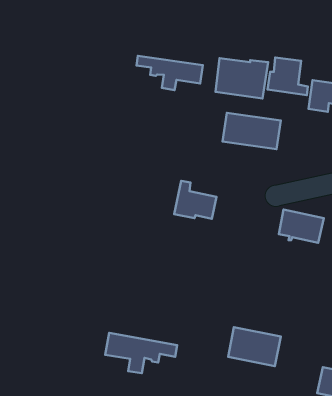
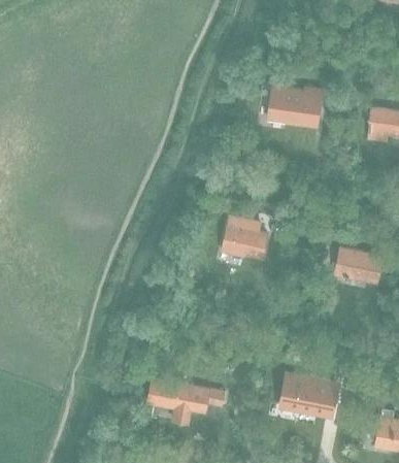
building: [136,56,203,90] -> none
building: [267,57,308,95] -> none
building: [222,113,281,149] -> none

